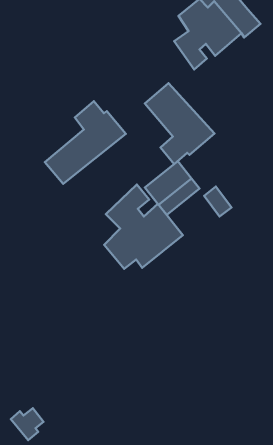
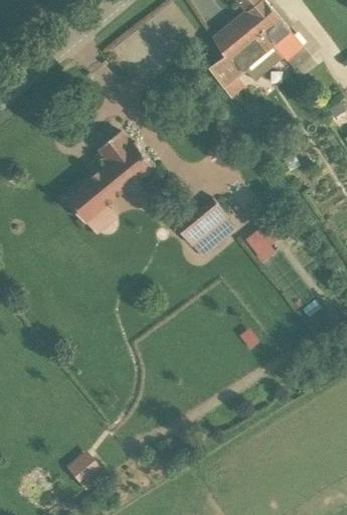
building: [145,83,214,164] -> none
building: [104,184,183,269] -> none
building: [11,408,44,440] -> [64,454,101,489]

